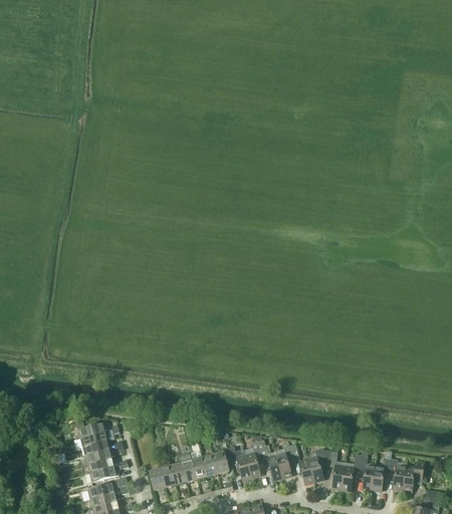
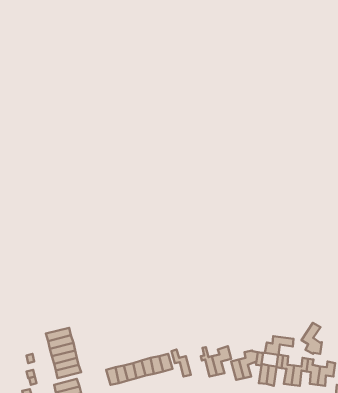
building: none -> [301,323,322,354]
building: none -> [265,336,293,355]
building: [245,439,267,477] -> none

